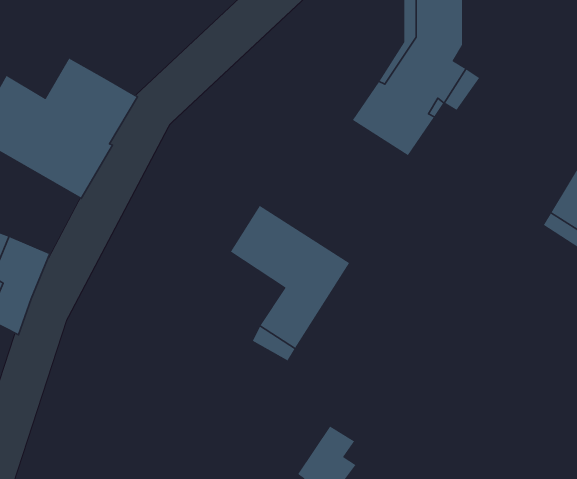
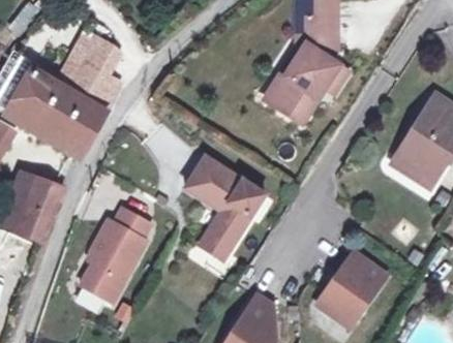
building: none -> [77,32,115,71]
building: none -> [83,206,155,298]
building: none -> [315,253,386,320]

